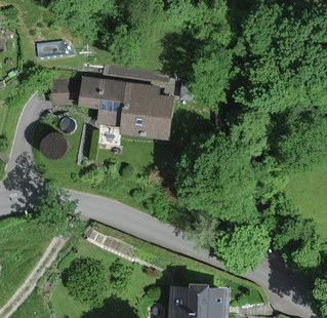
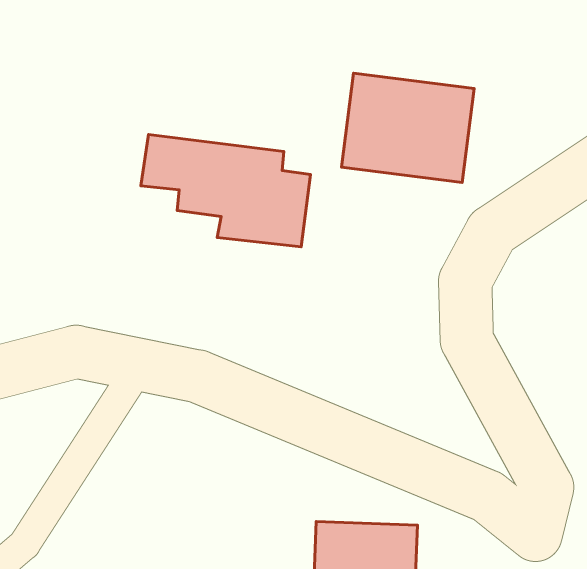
building: none -> [342,73,474,182]

